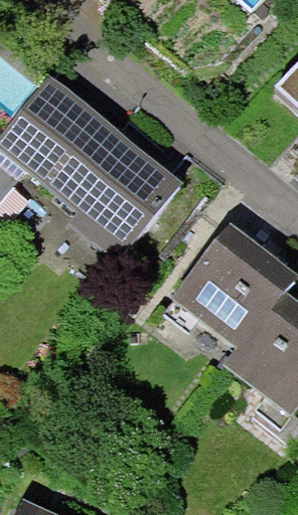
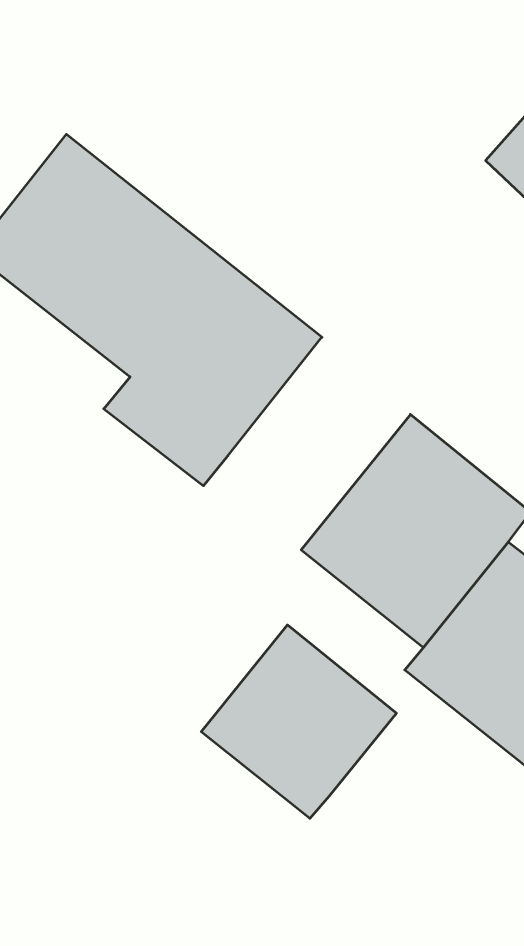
building: none -> [201,625,396,818]

